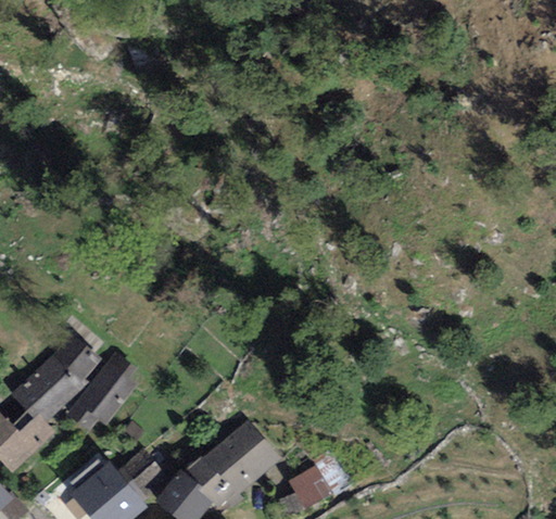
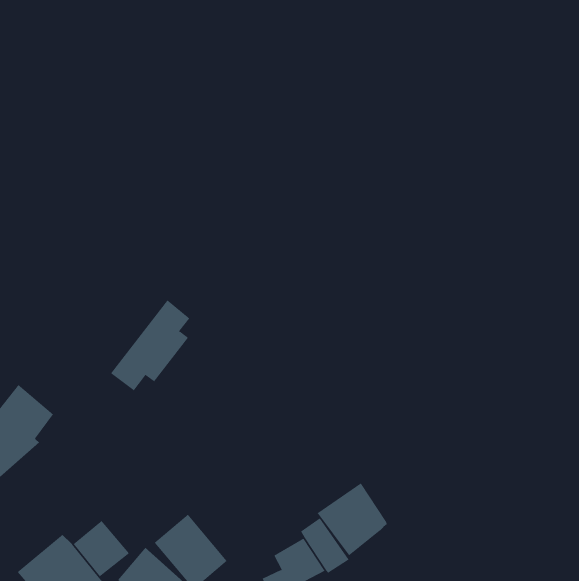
building: [65,354,134,432] -> [110,300,190,391]
building: none -> [317,483,388,556]
building: [215,420,279,485] -> none

